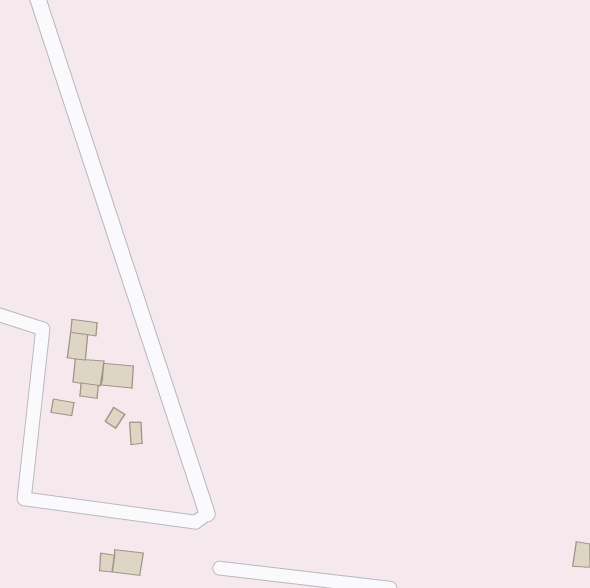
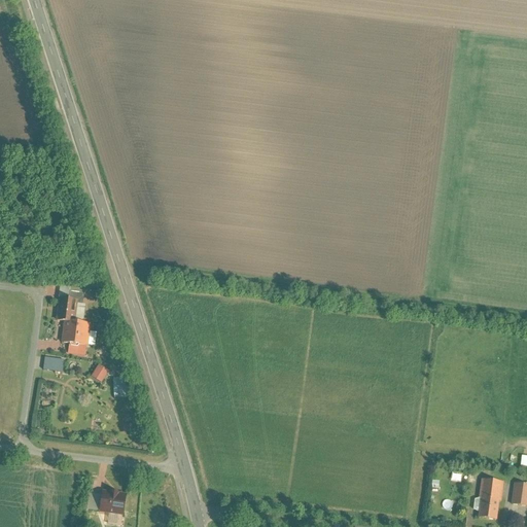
building: [101,363,133,388] -> none
building: none -> [476,479,502,519]

